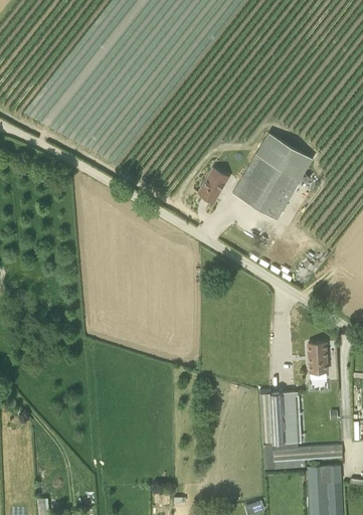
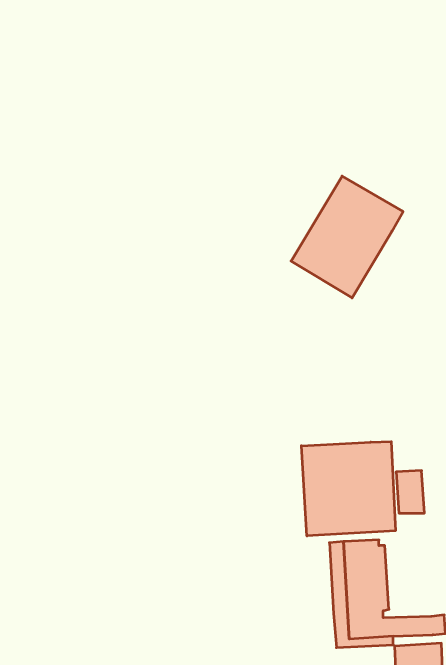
building: [200,169,230,201] -> none
building: none -> [301,442,395,536]

